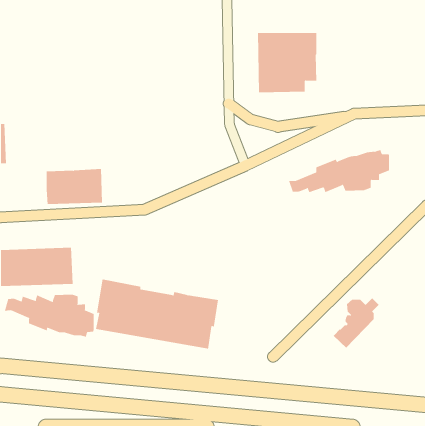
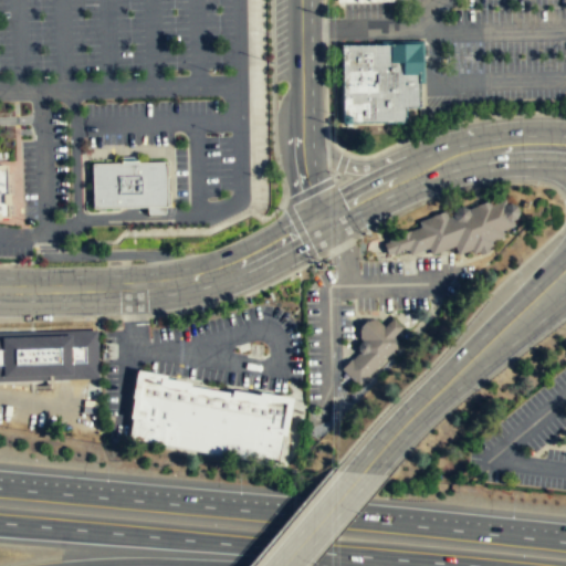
building: [46,169,103,204] -> [93,161,168,209]
building: [4,294,94,337] -> none
building: [333,297,380,348] -> [343,317,405,385]

